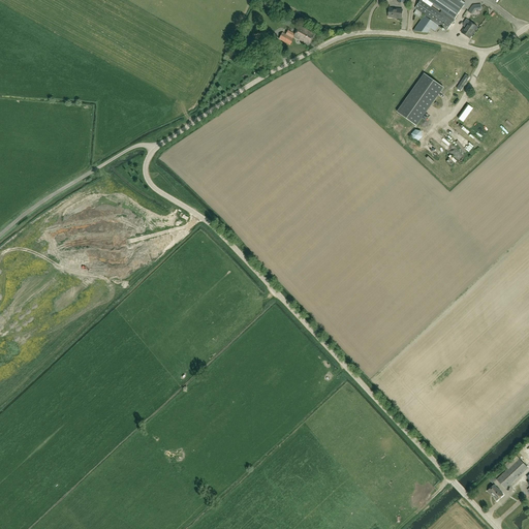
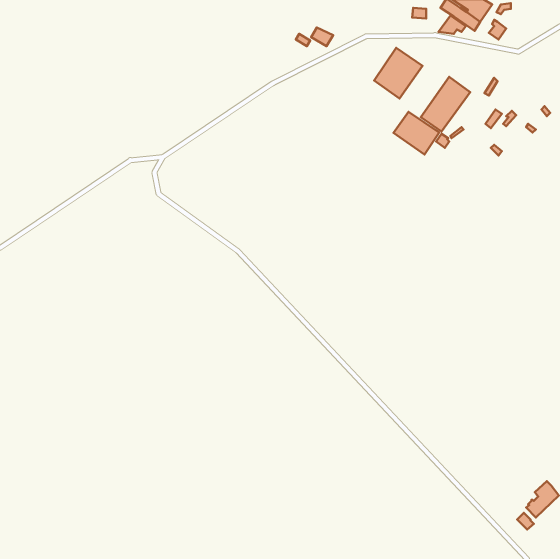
building: none -> [374,48,422,99]
building: none -> [393,112,439,155]

